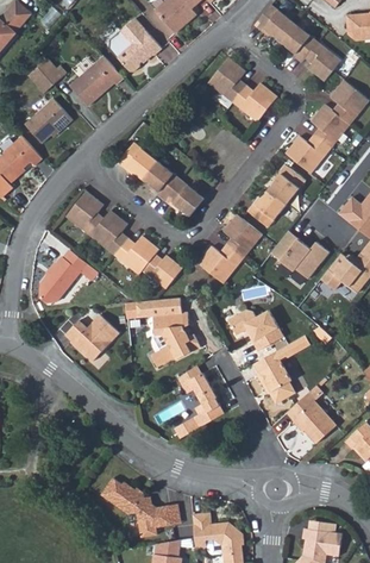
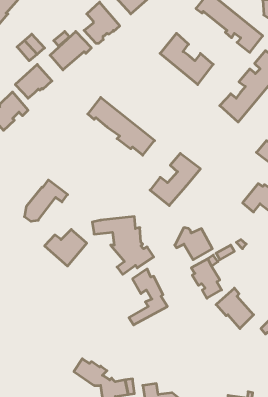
building: [245,161,308,226] -> none
building: [65,192,182,288] -> none
building: [270,232,326,279] -> none

